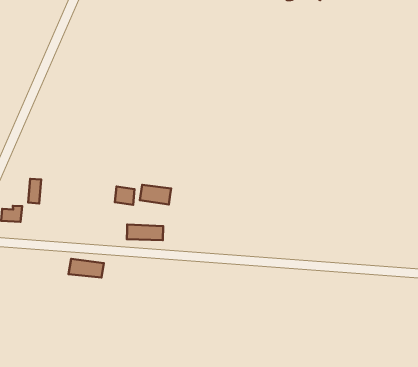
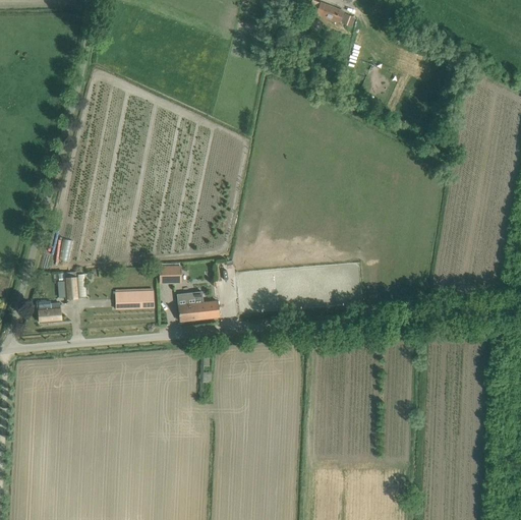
building: [140,185,171,205] -> none
building: [69,259,104,278] -> [116,289,153,307]

